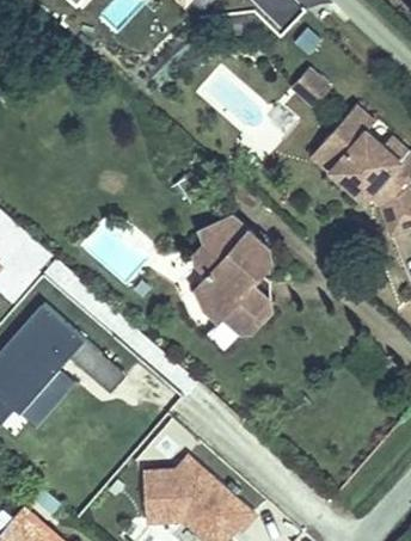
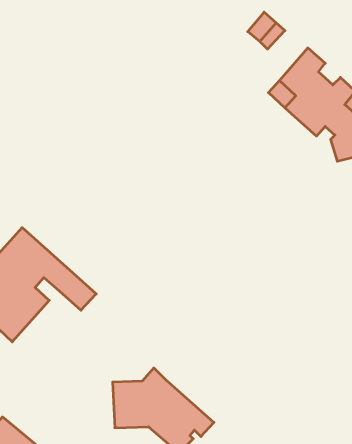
building: [191,216,272,333] -> none

